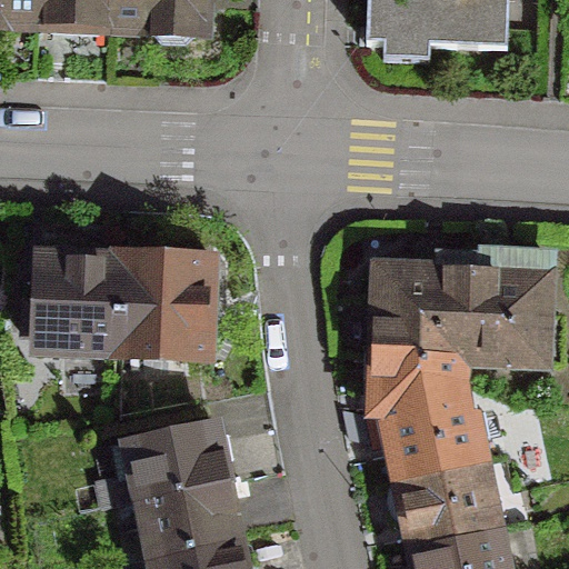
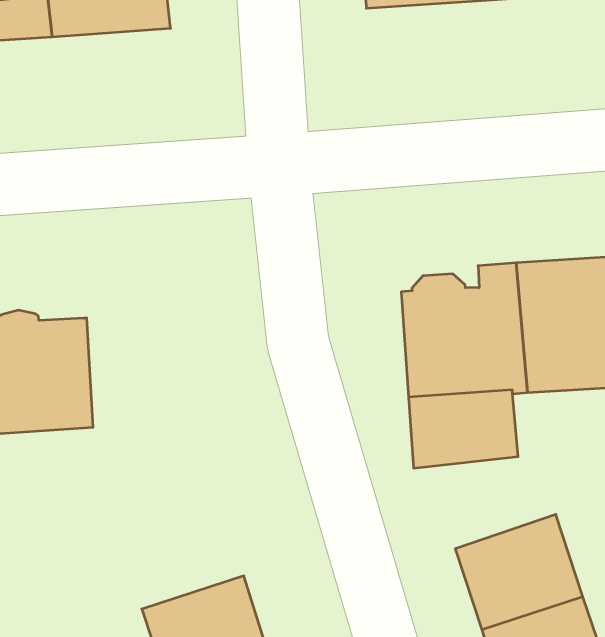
building: [114,256,217,358] -> none
building: [366,415,481,483] -> none
building: [126,429,228,505] -> none

